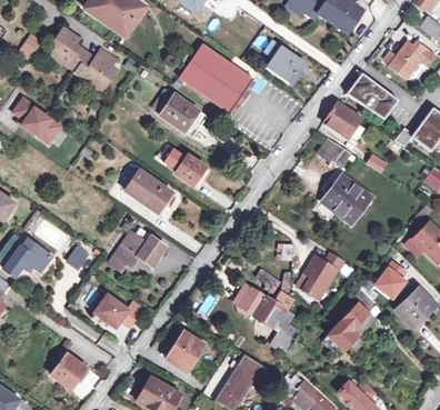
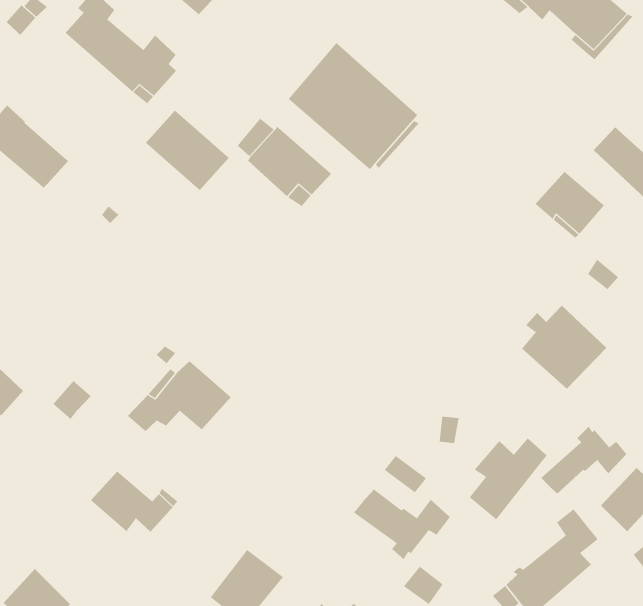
building: [263,41,306,84] -> none
building: [318,139,352,168] -> none
building: [176,156,206,188] -> none
building: [123,168,171,211] -> [145,110,230,191]
building: none -> [540,426,627,495]

